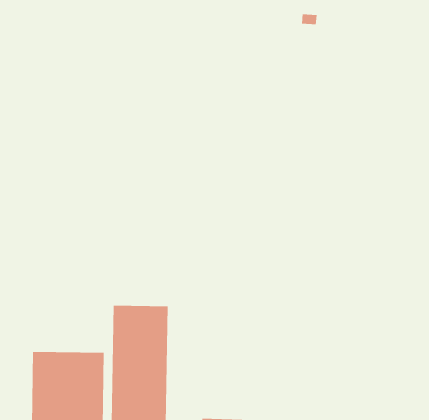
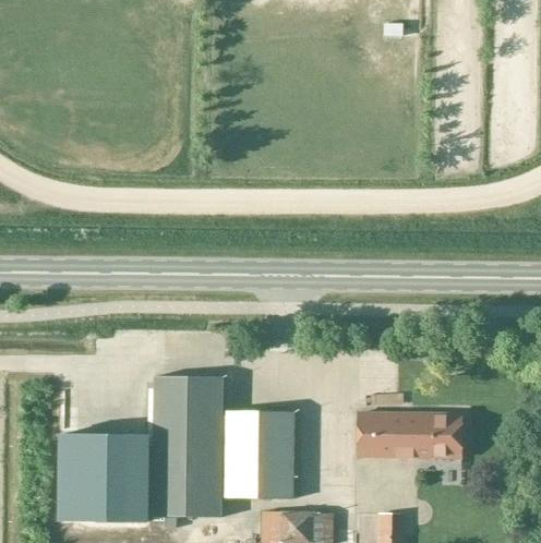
building: none -> [226,411,294,499]
building: none -> [358,413,461,458]

